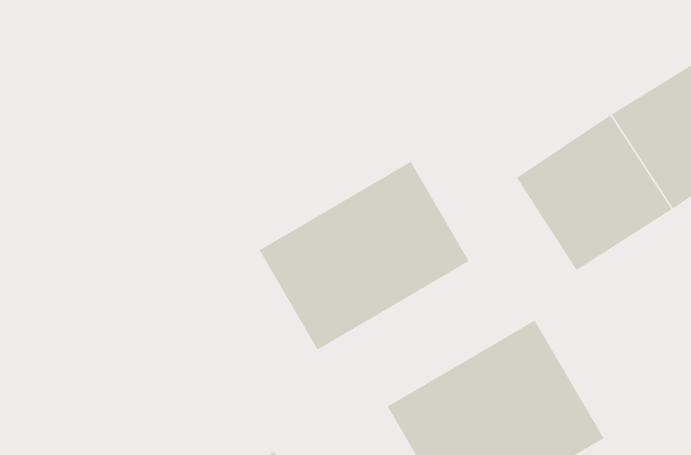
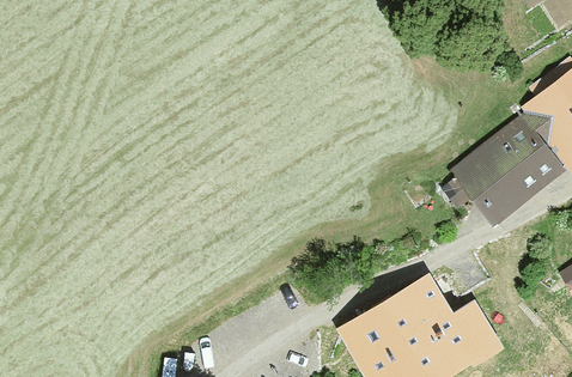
building: [259,161,470,350] -> none

